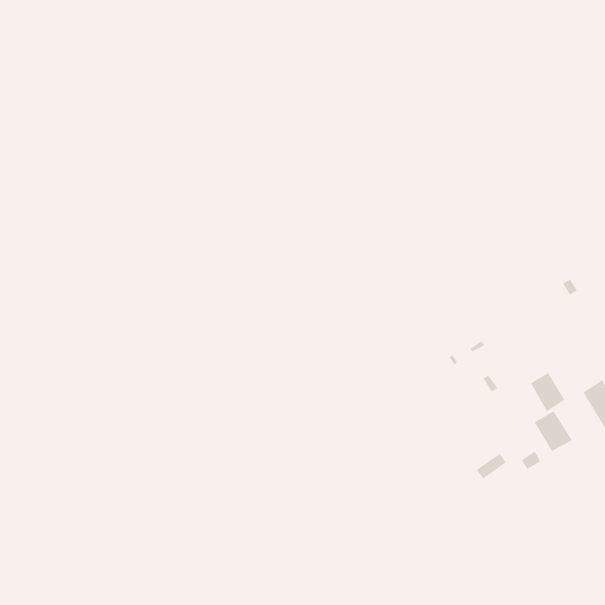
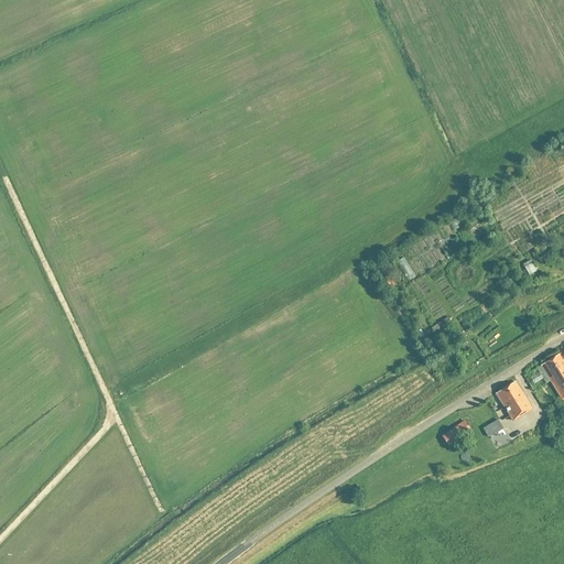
building: [530,372,565,412] -> none

